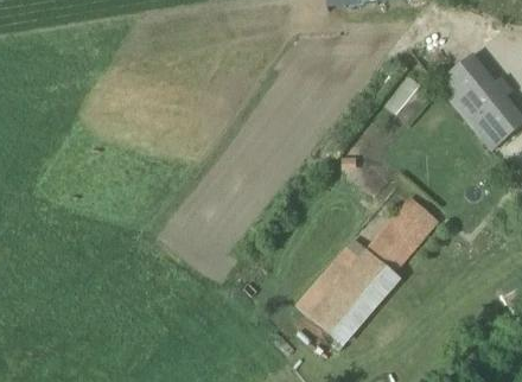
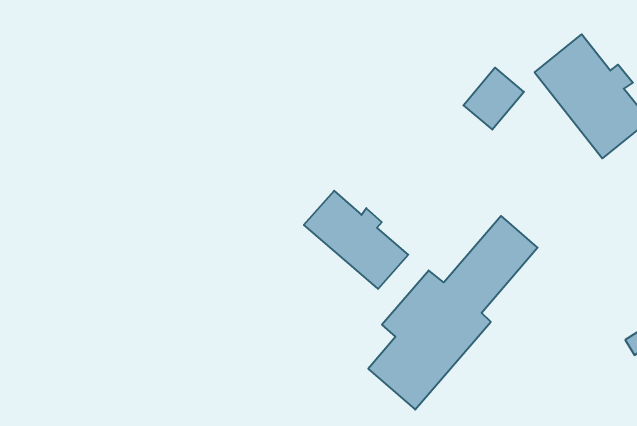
building: none -> [304,191,408,289]

